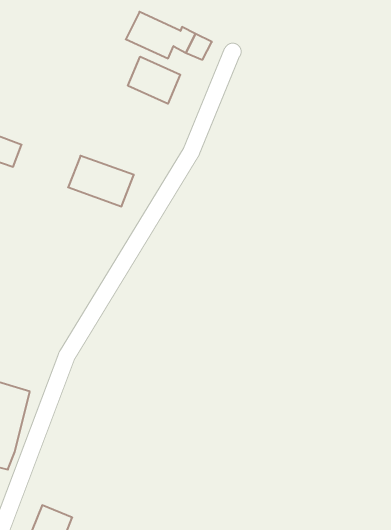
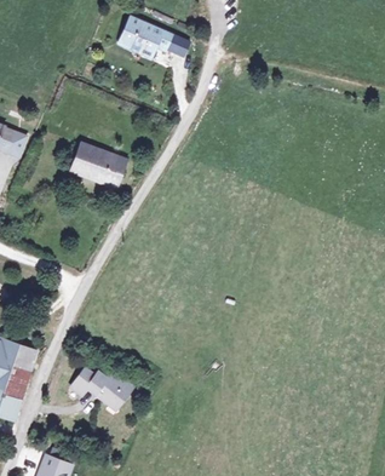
building: [128,57,180,104] -> none
building: none -> [71,366,132,402]

